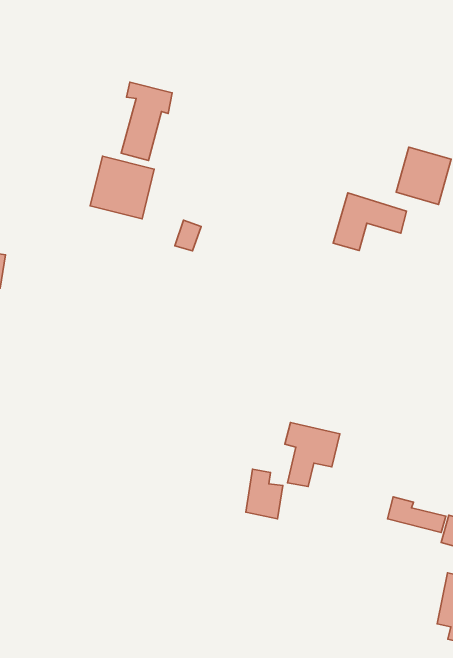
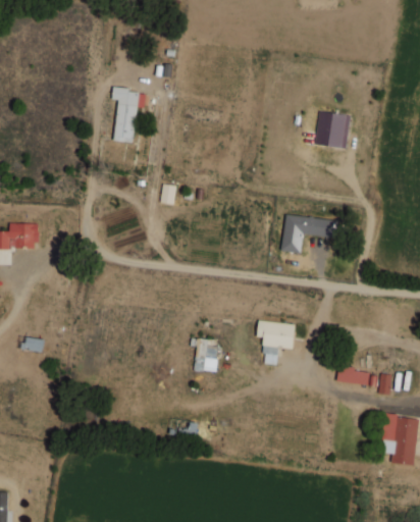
building: [90,156,154,219] -> none
building: [333,193,406,251] -> [281,213,331,254]
building: [246,469,283,519] -> [194,338,218,372]

